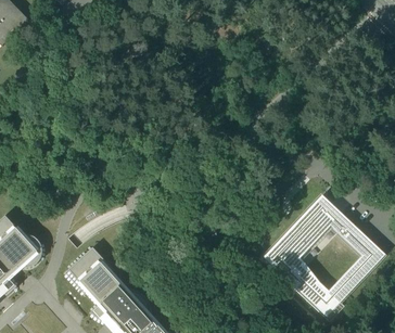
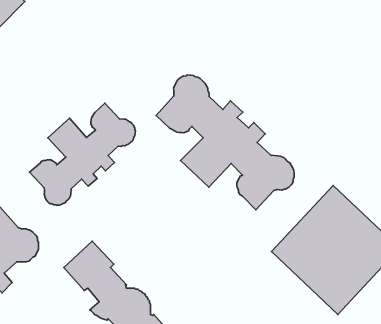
building: none -> [156,75,294,210]
building: none -> [29,103,136,205]

